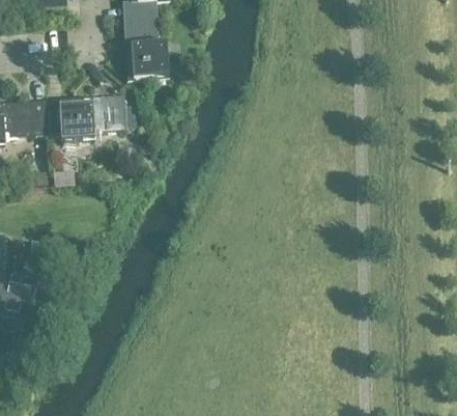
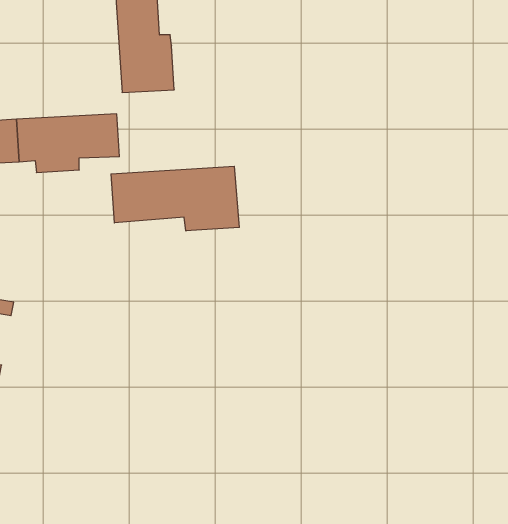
building: none -> [111,166,239,231]

